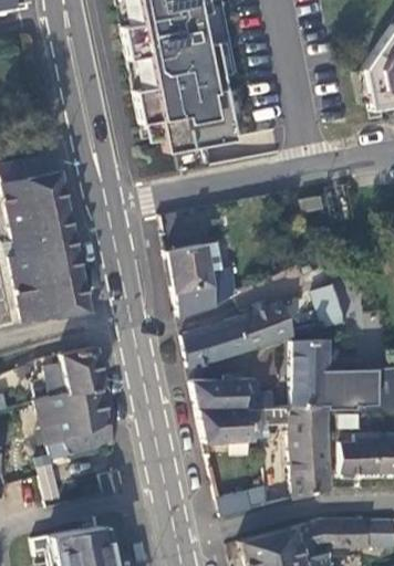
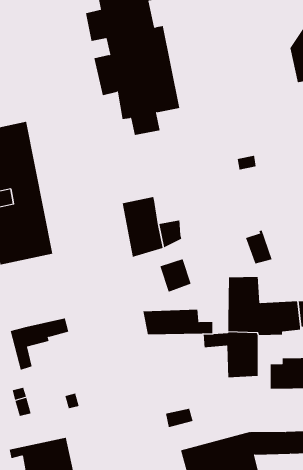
building: [240,301,294,346] -> none
building: [185,325,222,365] -> none
building: [46,348,102,397] -> none
building: [58,402,114,454] -> none
building: [198,405,265,442] -> none
building: [292,454,330,496] -> none

